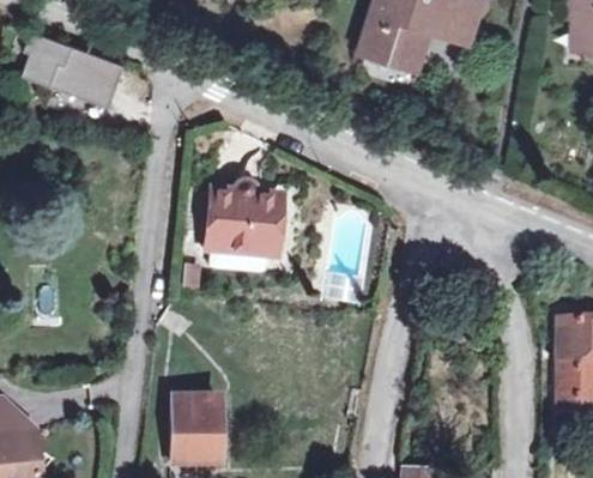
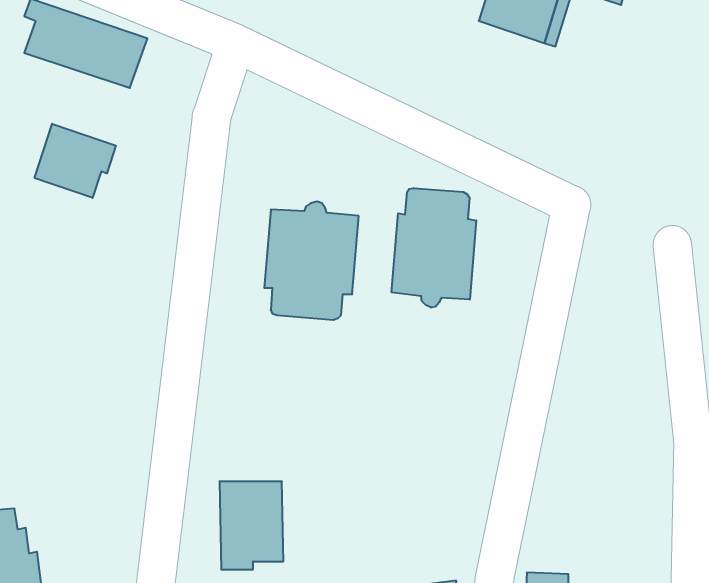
building: none -> [35,124,116,198]
building: none -> [392,188,476,308]

